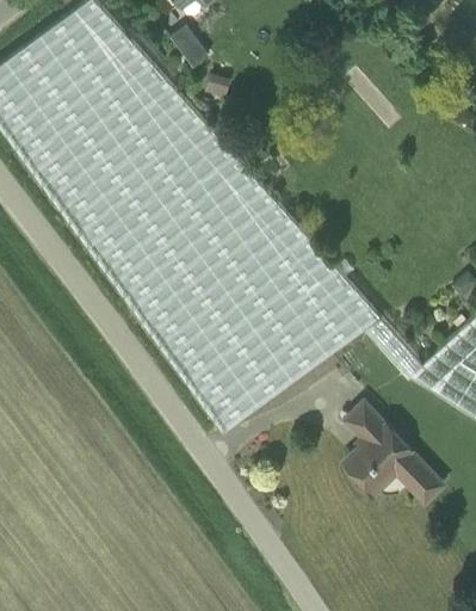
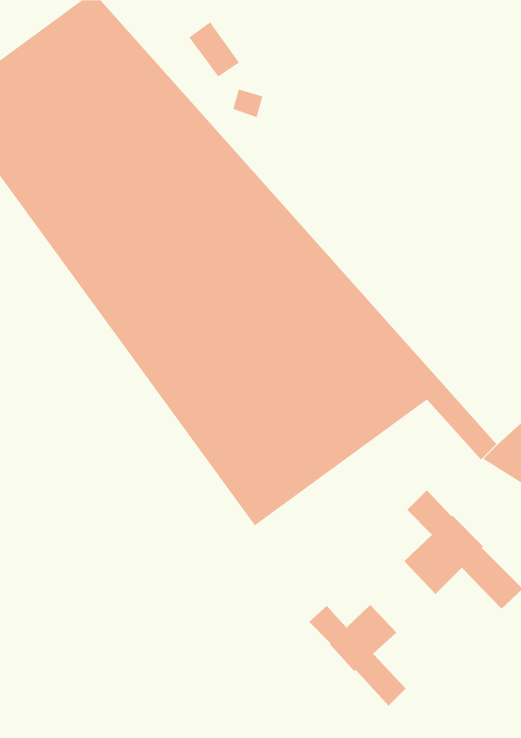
building: none -> [308,604,407,706]

